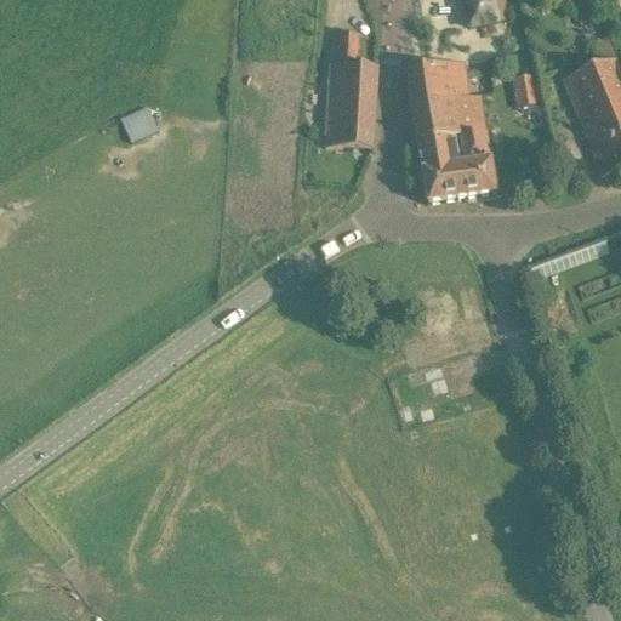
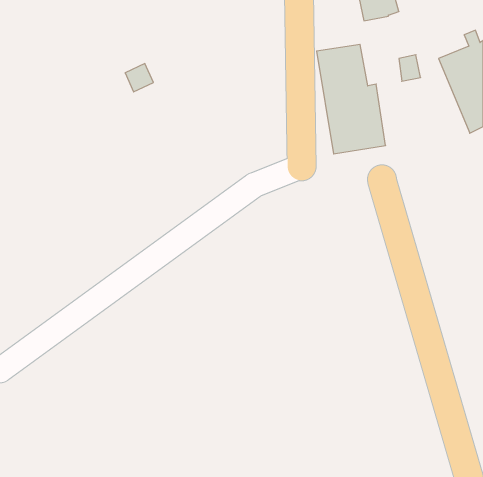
building: [325,27,377,147] -> none
building: [120,104,156,141] -> [125,64,153,92]

